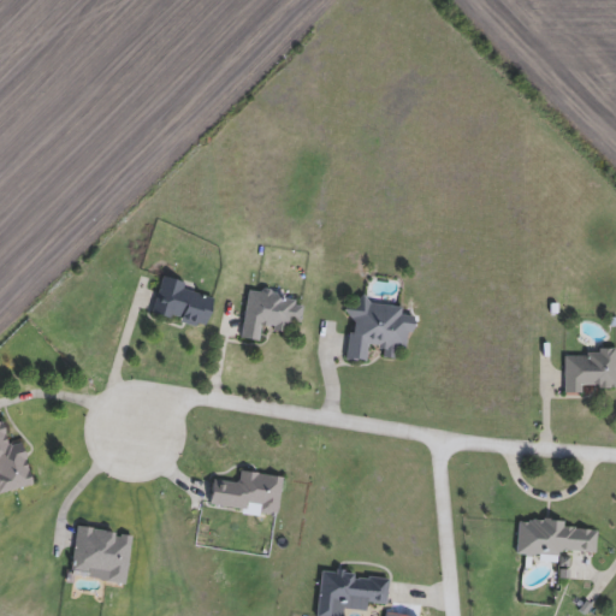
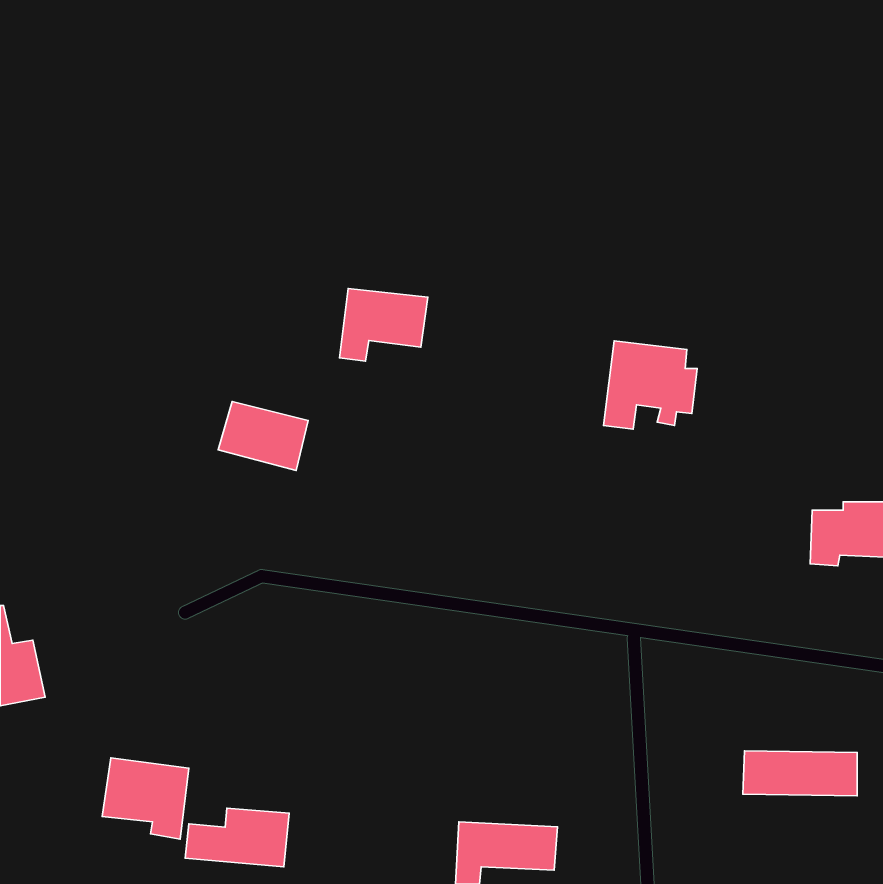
building: [242,290,303,340] -> [339,288,428,361]
building: [346,300,411,361] -> [604,341,697,429]
building: [211,472,283,513] -> [185,808,289,867]

